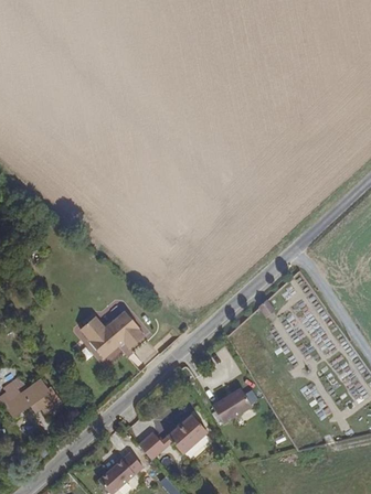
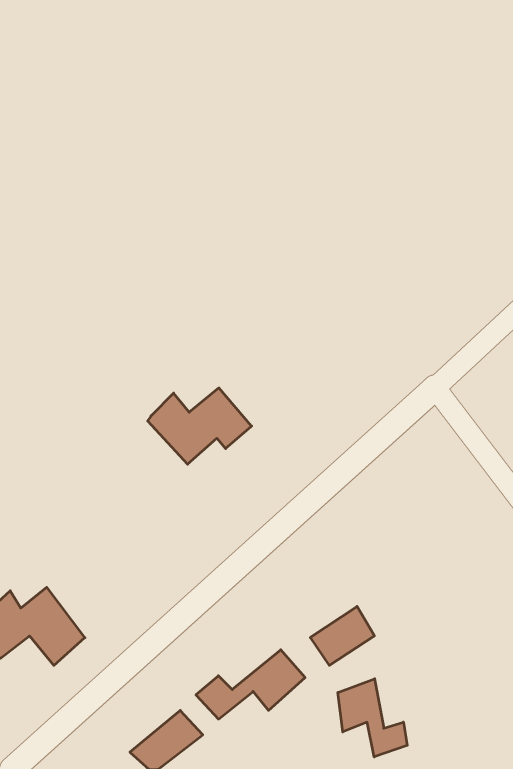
building: [80,311,146,359] -> [148,388,252,464]
building: none -> [338,679,407,757]

